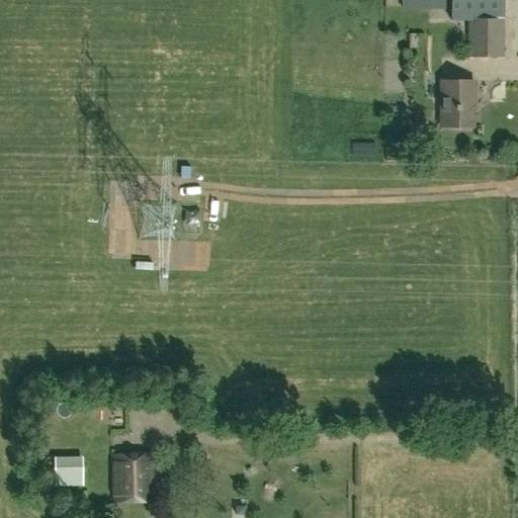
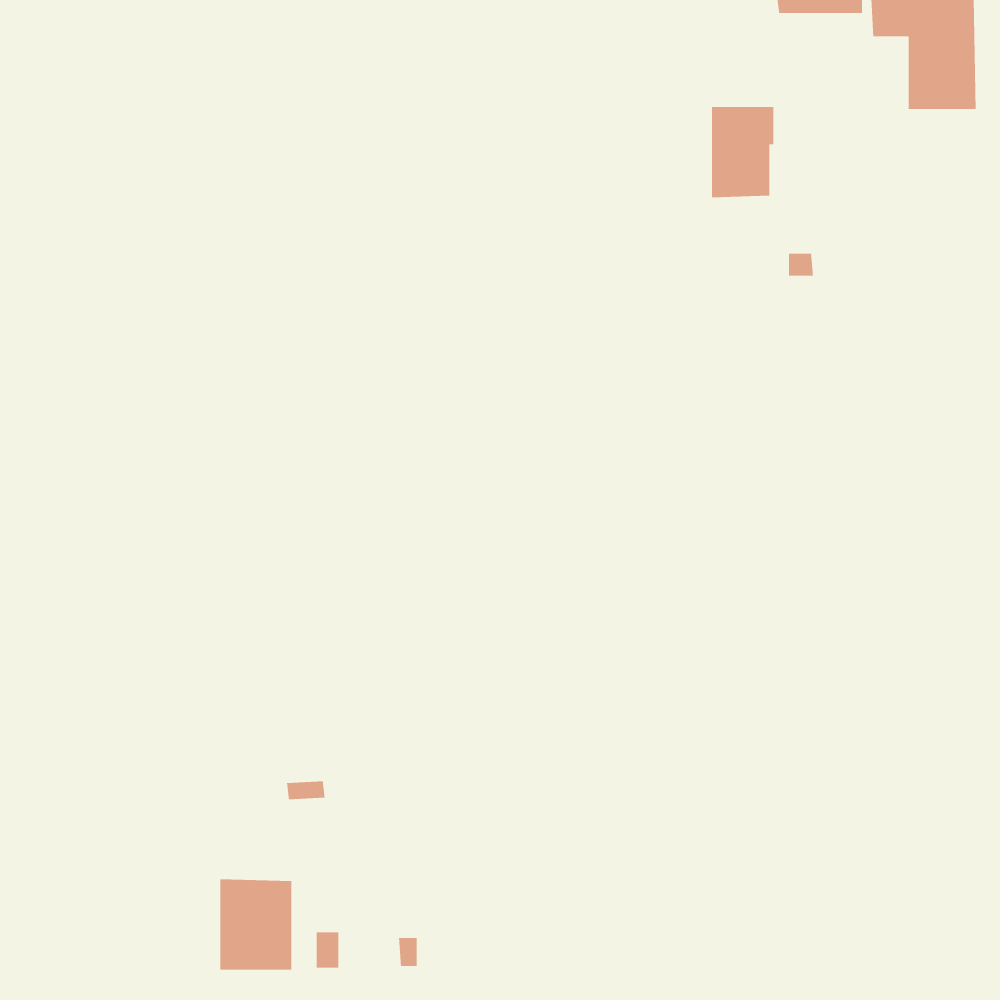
building: [442,79,474,126] -> [711,106,774,198]
building: [55,456,84,486] -> none

